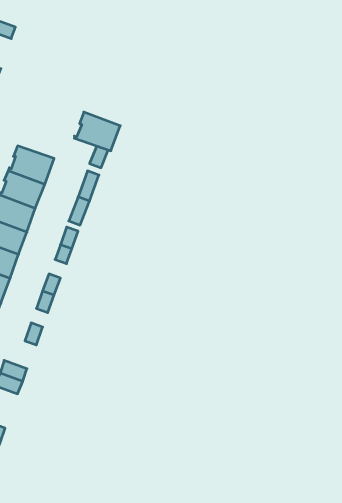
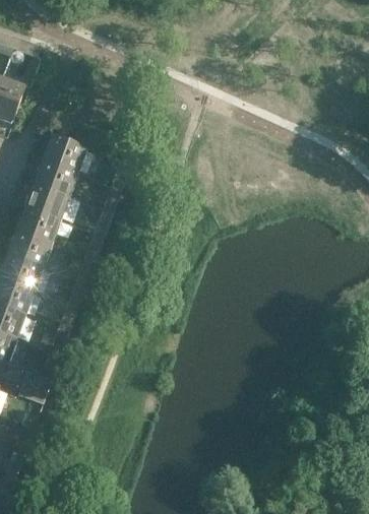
building: [74,112,120,151] -> [43,135,87,173]

